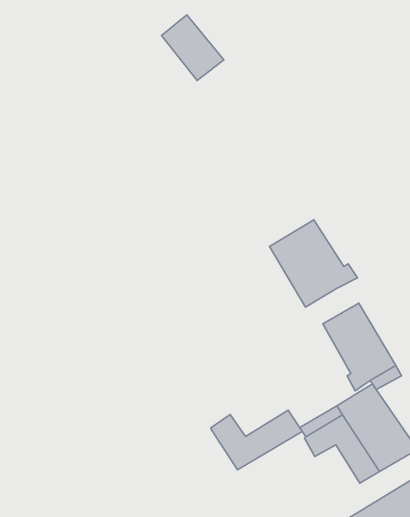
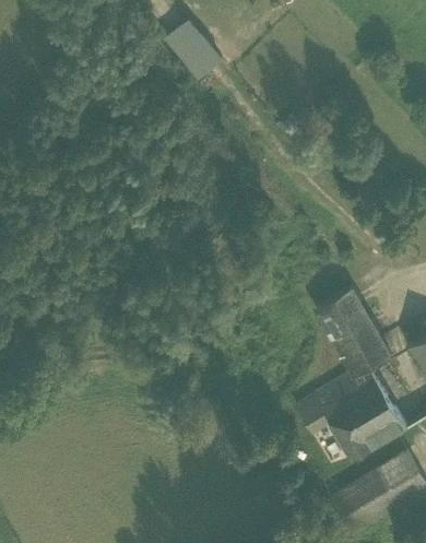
building: [269,220,357,307] -> none
building: [211,410,302,470] -> none

